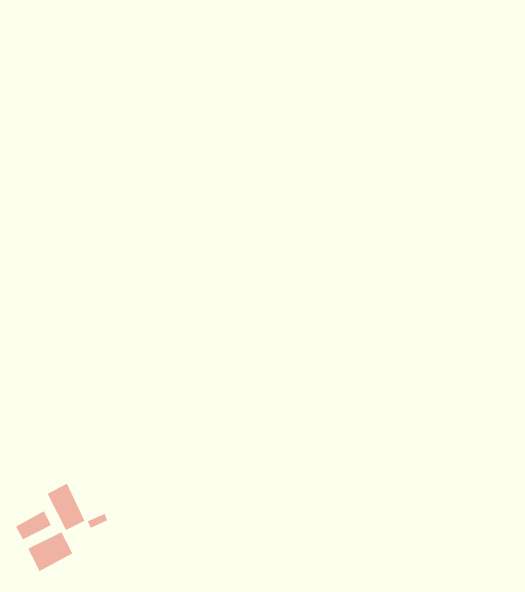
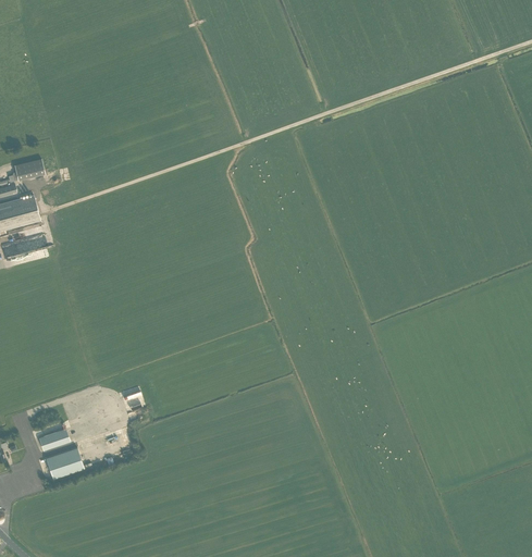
building: [47,483,85,531] -> none

